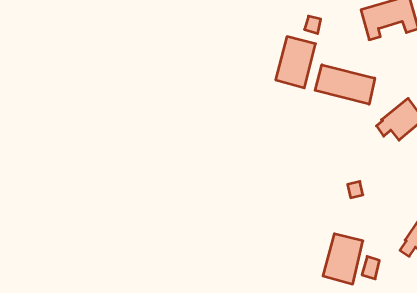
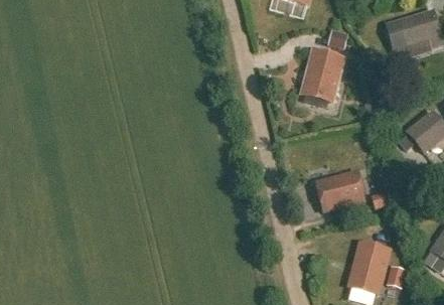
building: [315,65,375,104] -> none
building: none -> [315,171,364,211]

